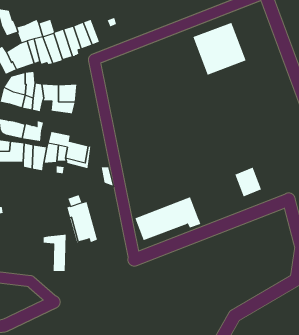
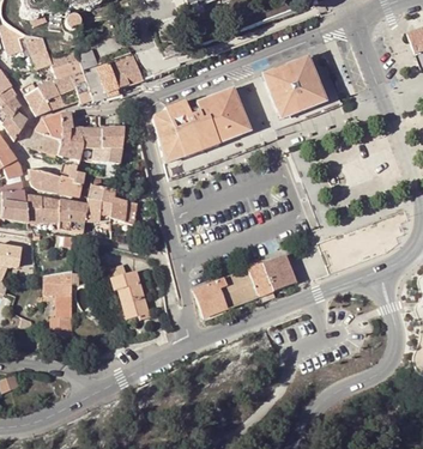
building: none -> [153,84,254,162]
building: [234,167,262,197] -> [261,254,295,291]
building: [43,234,66,271] -> [43,271,72,316]

